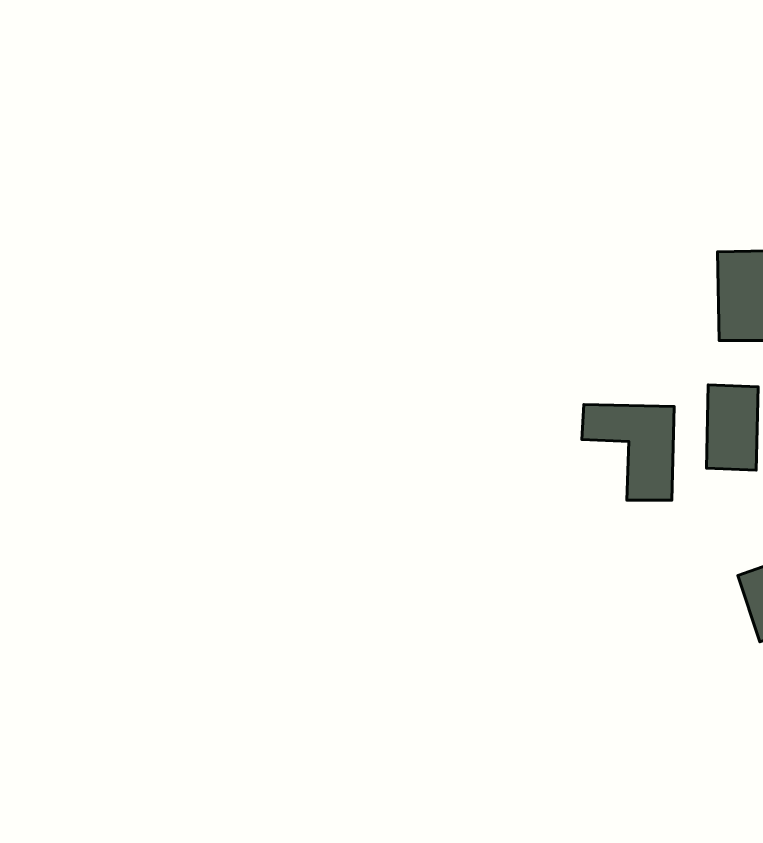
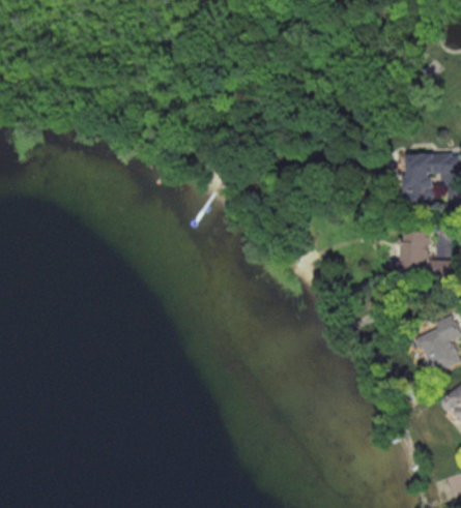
building: [582,404,674,500] -> none

